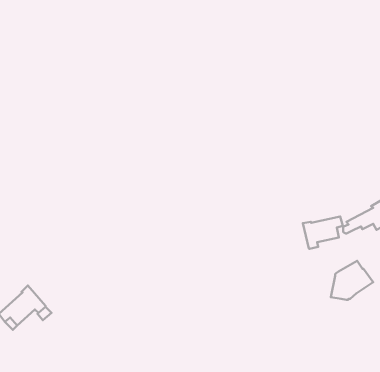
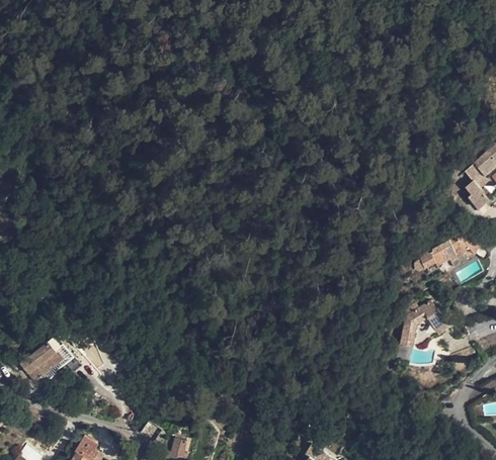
building: [303,216,343,249] -> none

